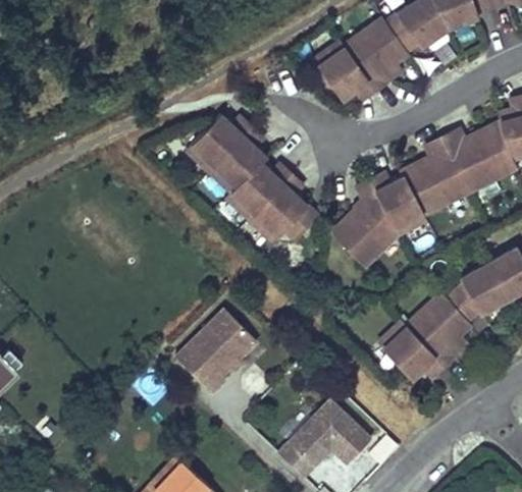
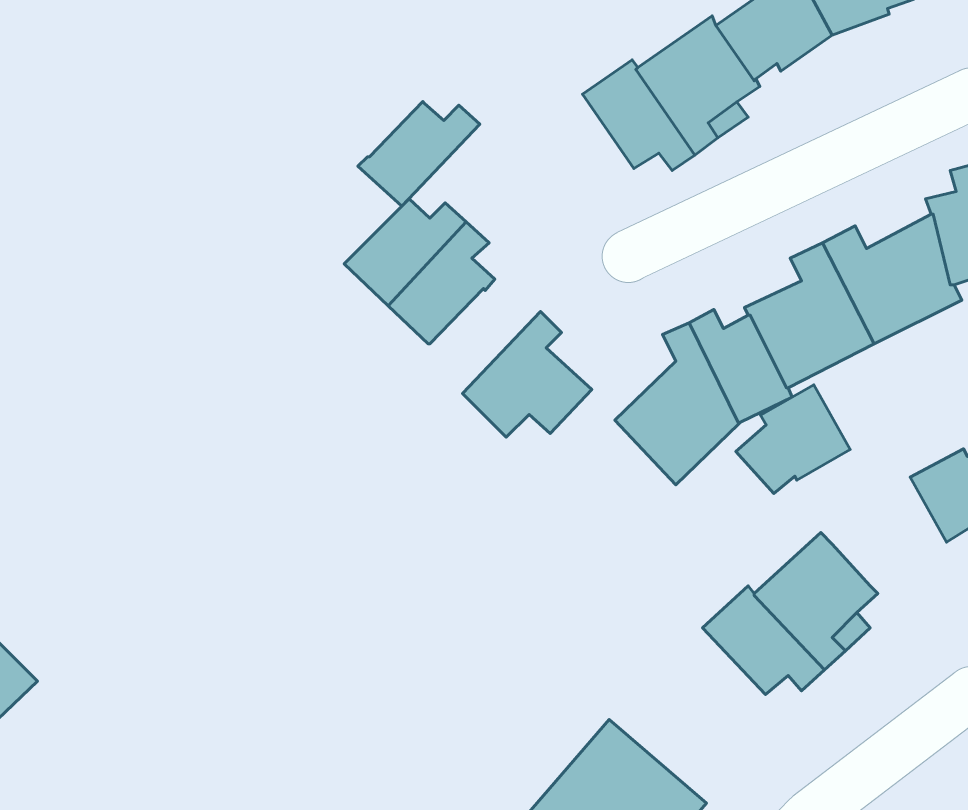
building: [225,163,291,219] -> [358,101,480,206]
building: [447,264,508,322] -> [736,385,850,493]
building: [173,306,262,395] -> none

